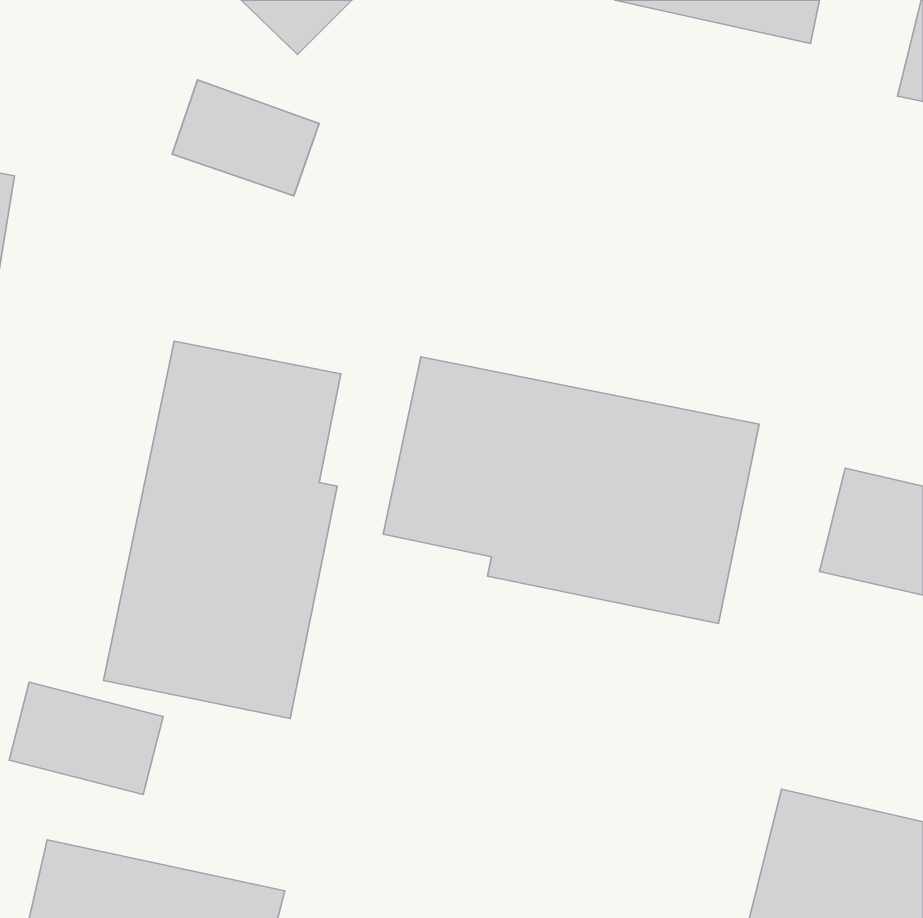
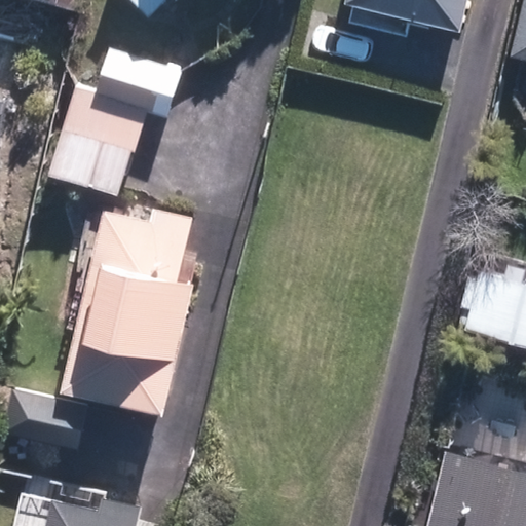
building: none -> [47,87,148,197]
building: [383,357,759,623] -> none

